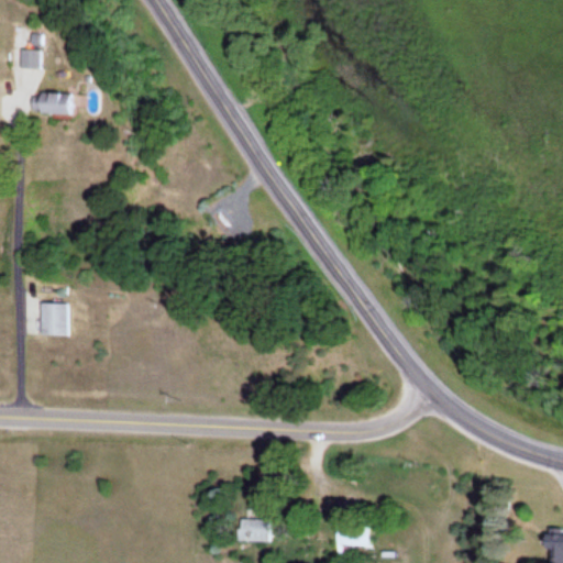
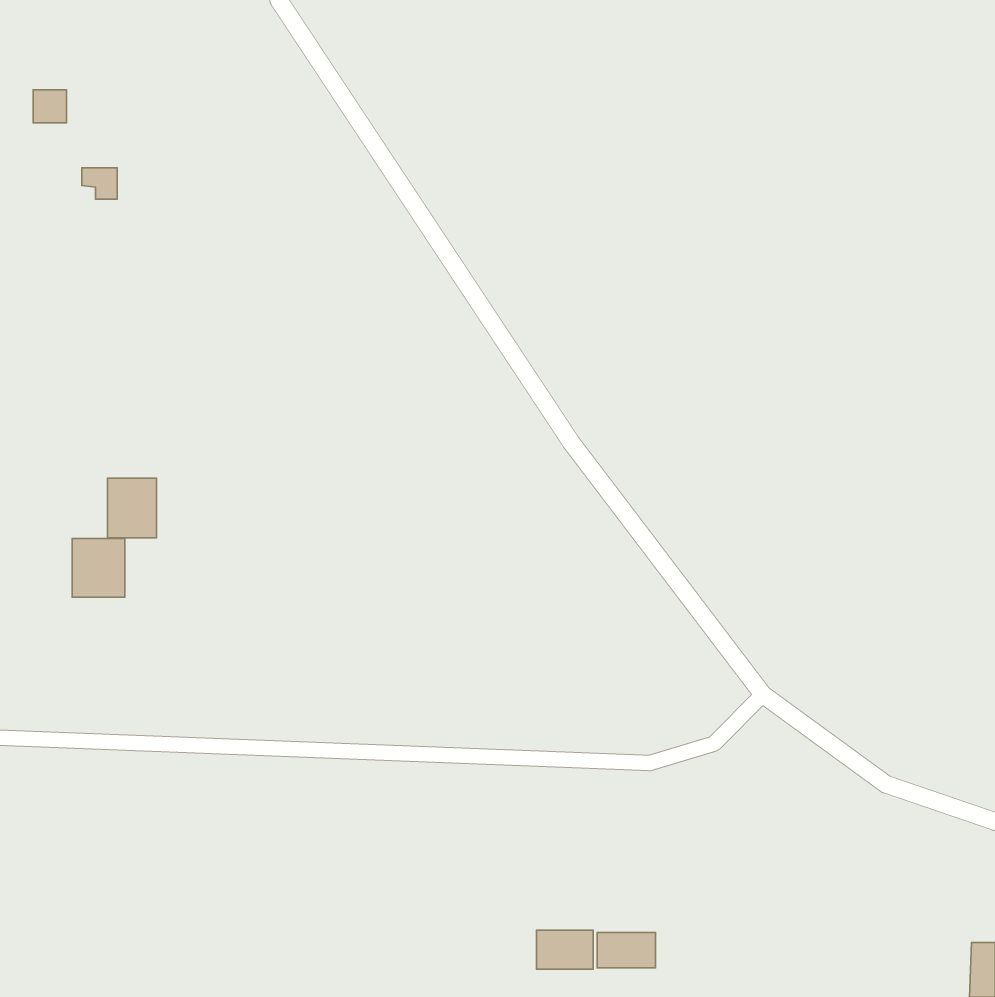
building: none -> [107,478,156,538]
building: [239,520,271,542] -> [537,930,593,969]

